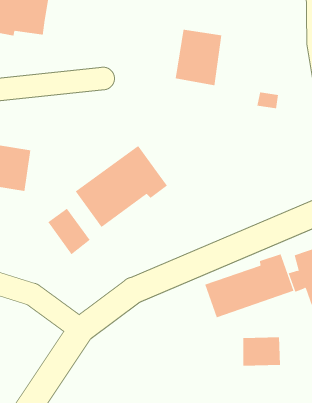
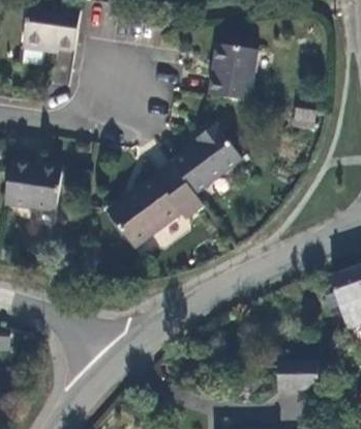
building: none -> [171,124,241,194]
building: [47,208,91,255] -> none
building: [204,253,294,318] -> none

